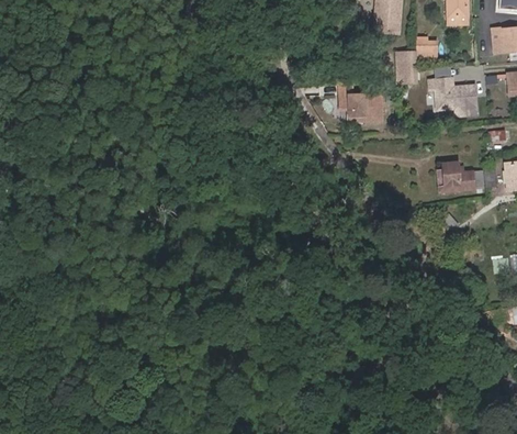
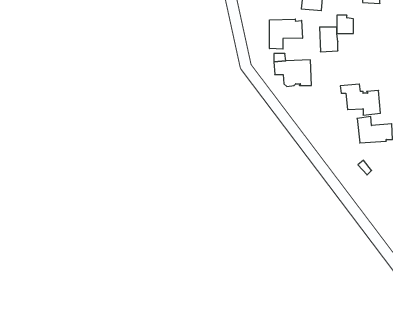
building: none -> [270,19,302,49]
building: [428,80,476,118] -> [340,84,380,115]

